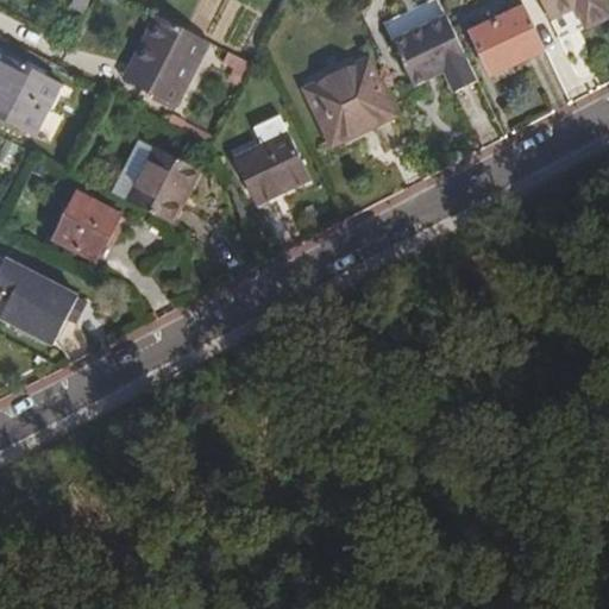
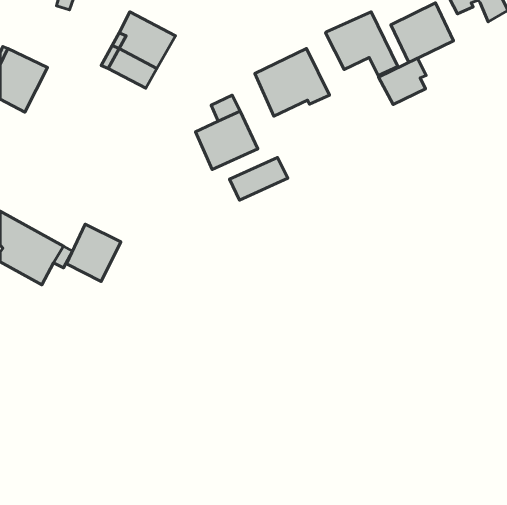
building: none -> [378,58,426,105]
building: [126,146,199,224] -> none
building: none -> [229,157,288,200]
building: [54,192,119,260] -> [66,224,121,282]

